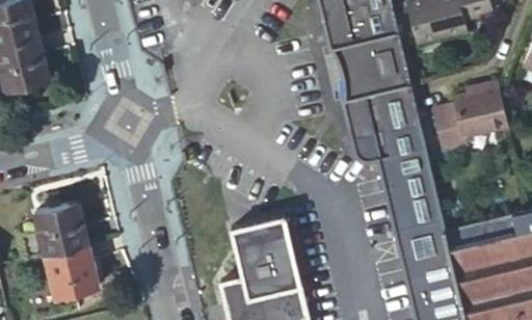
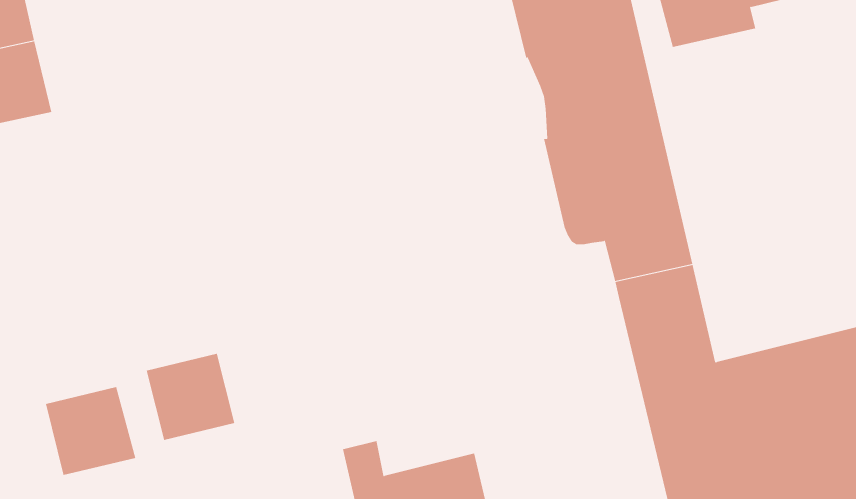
building: [434,84,509,148] -> none
building: [34,203,87,255] -> [146,353,235,440]
building: [231,215,300,297] -> none

